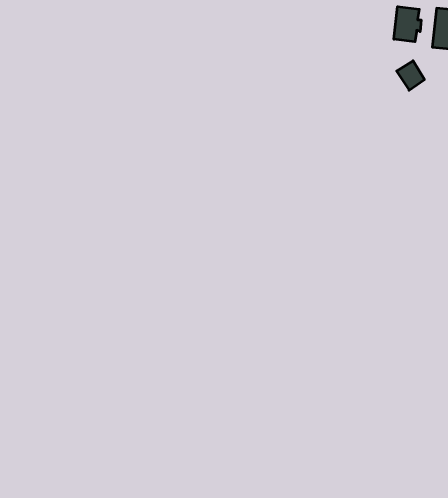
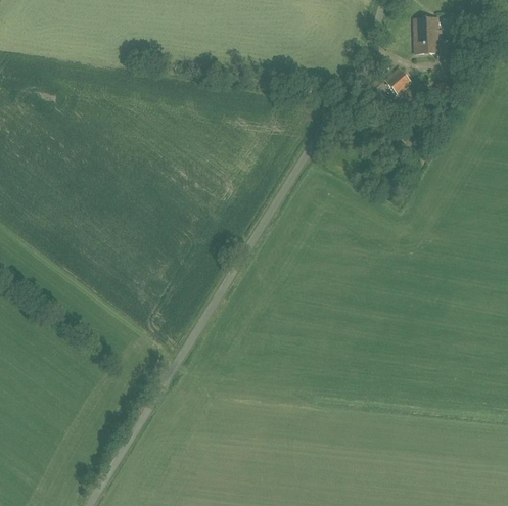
building: [394,7,421,42] -> none

